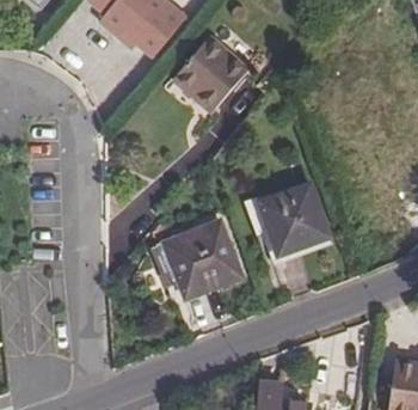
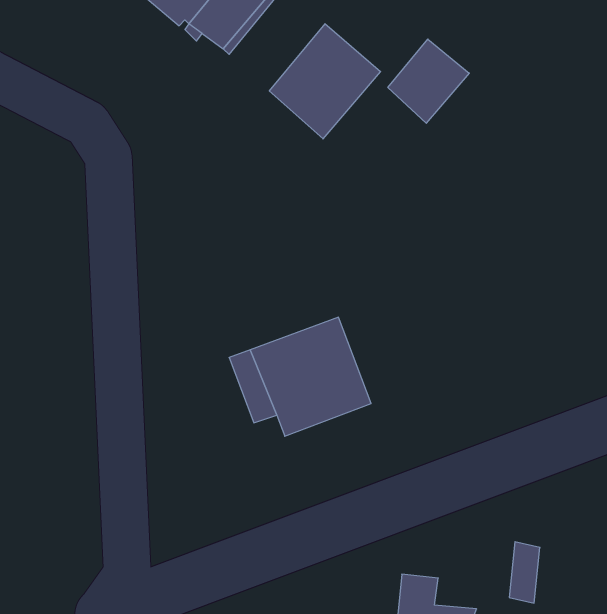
building: none -> [388,39,469,123]
building: [262,183,331,253] -> none

